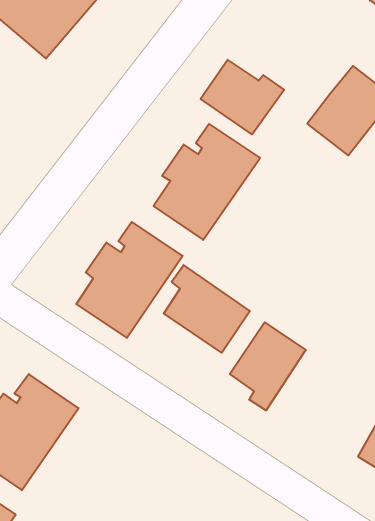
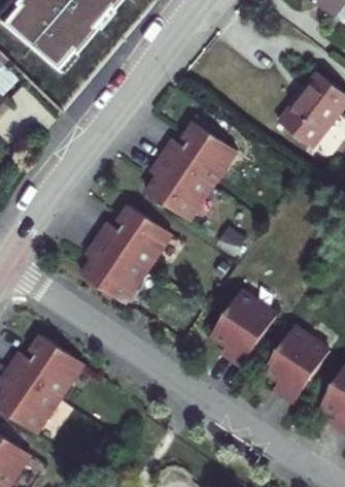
building: [201,60,284,134] -> none
building: [164,265,250,353] -> none
building: none -> [265,326,331,401]

